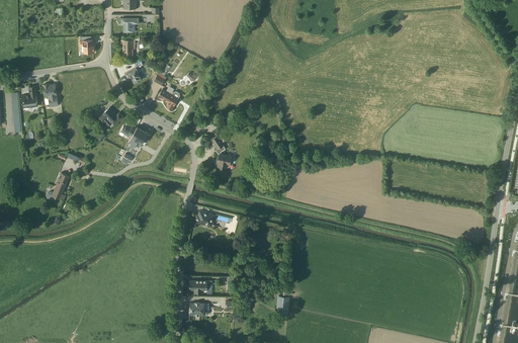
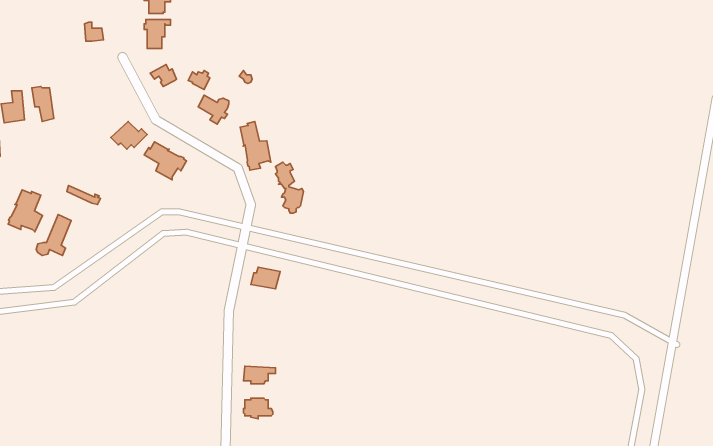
building: none -> [240,122,271,170]
building: none -> [8,190,42,232]

